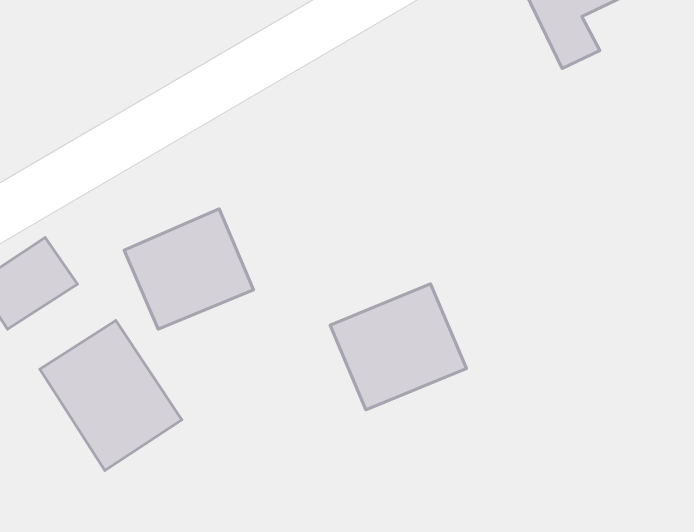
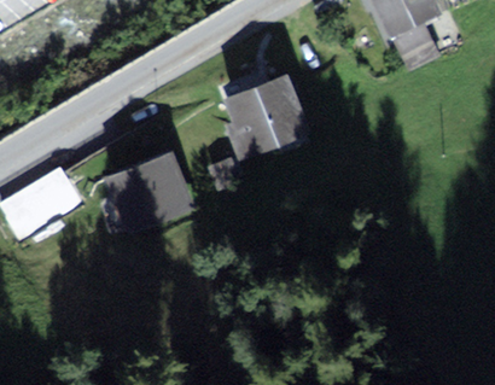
building: [330,284,466,410] -> [217,75,309,159]
building: [40,320,182,470] -> none

